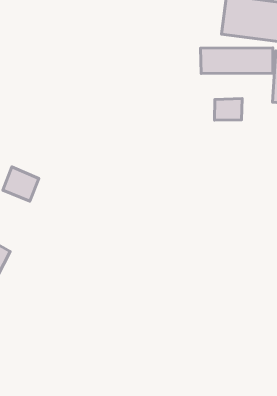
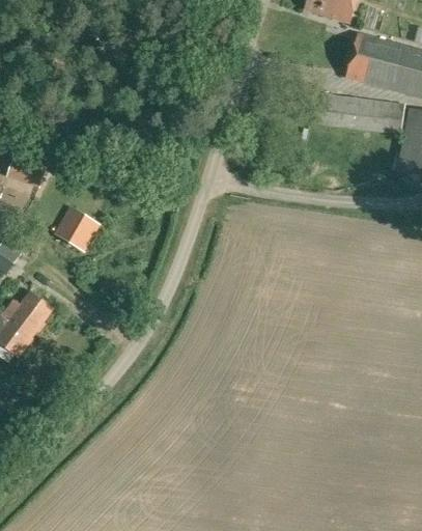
building: [215,99,242,120] -> none

